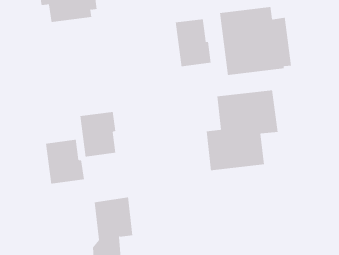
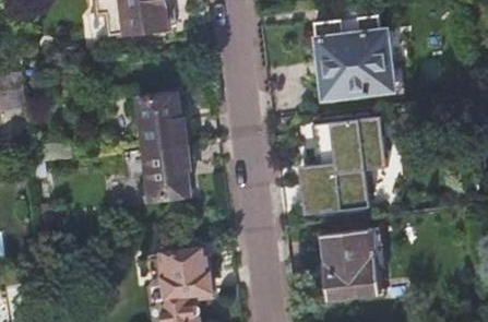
building: [175,18,211,67] -> none
building: [45,139,85,184] -> [136,95,185,150]
building: none -> [320,230,381,302]

